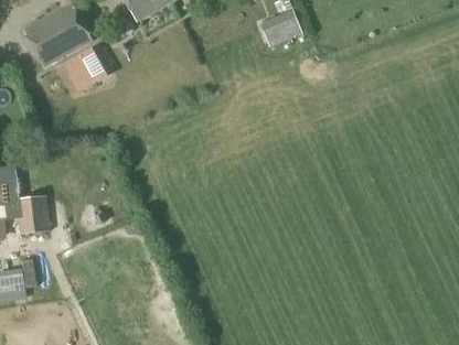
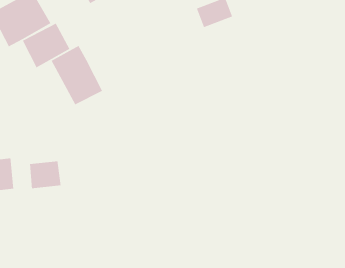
building: none -> [51,45,103,105]
building: none -> [29,160,61,189]

